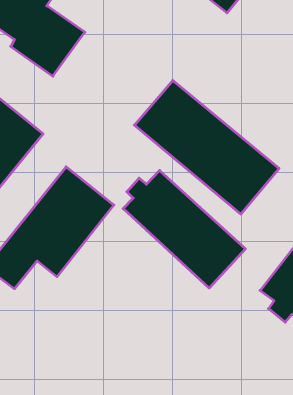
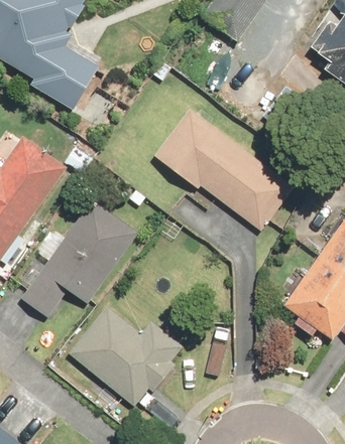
building: [123,170,245,288] -> none
building: none -> [69,305,183,406]

